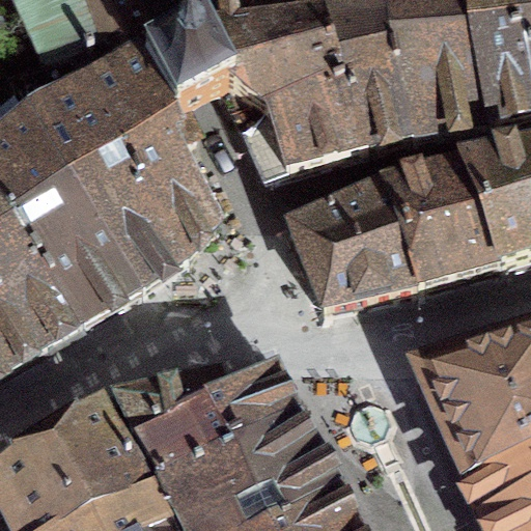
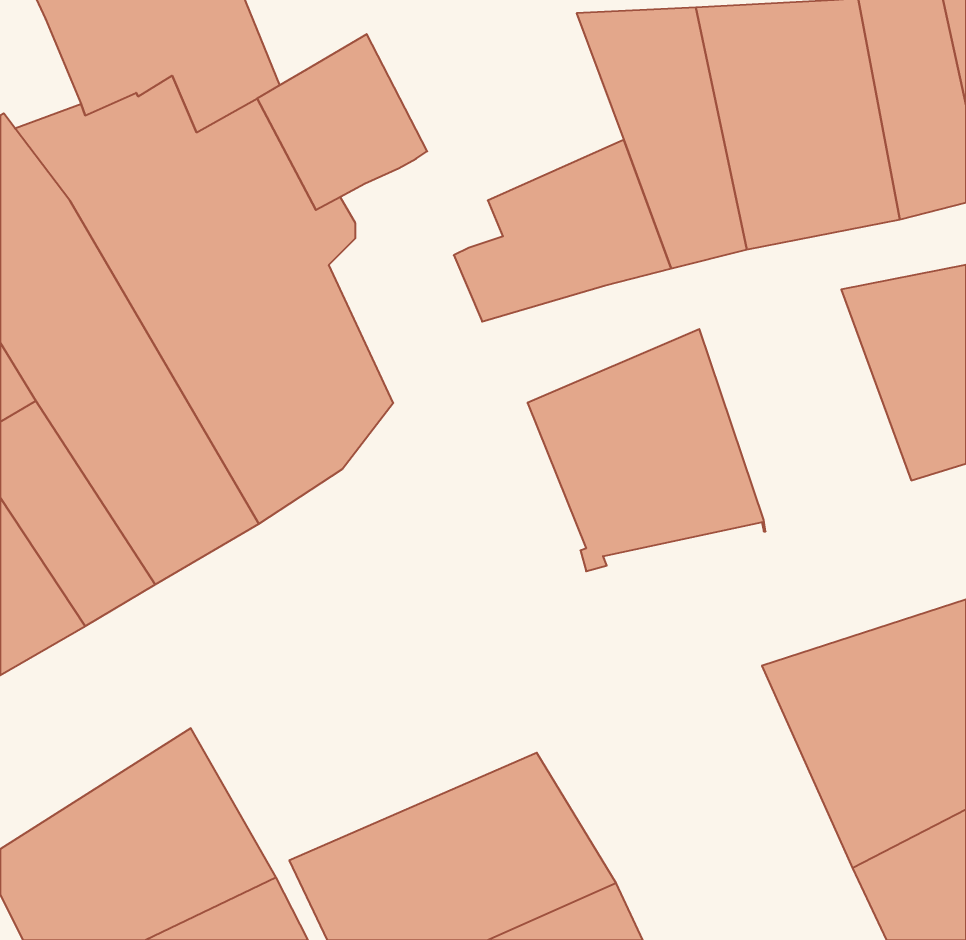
building: [201,7,342,136] -> none
building: [384,159,500,291] -> none
building: [114,365,295,472] -> none

